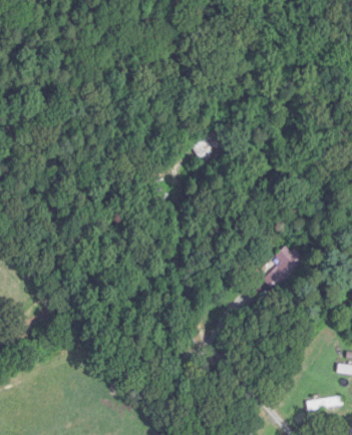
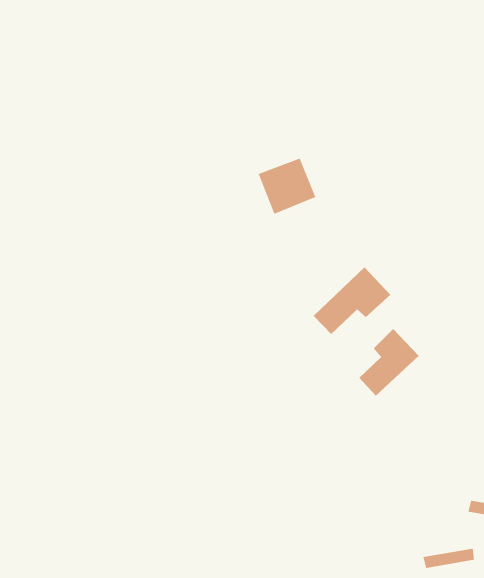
building: none -> [313,266,391,335]

